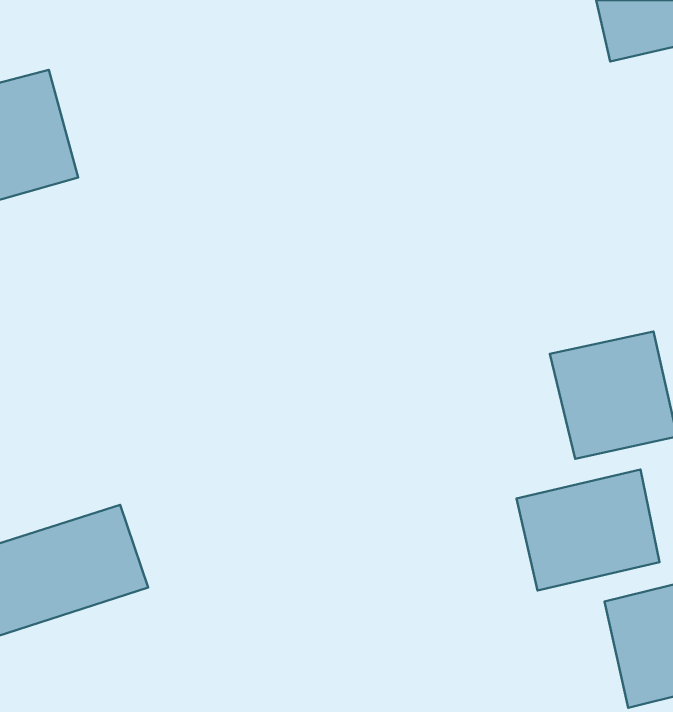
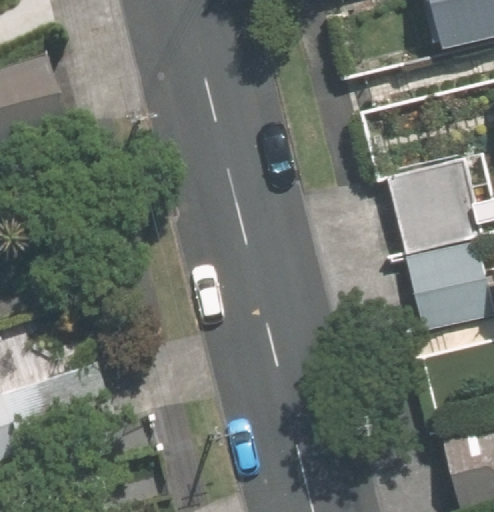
building: none -> [387,156,482,249]
building: [517,470,660,590] -> none

